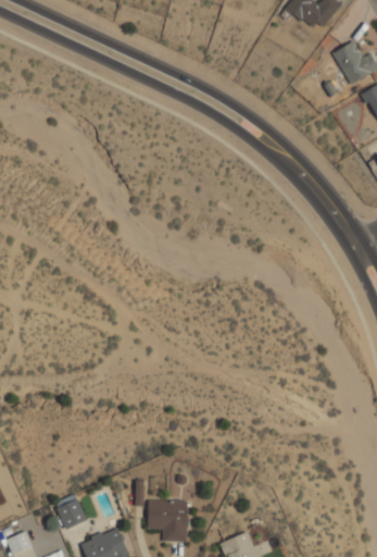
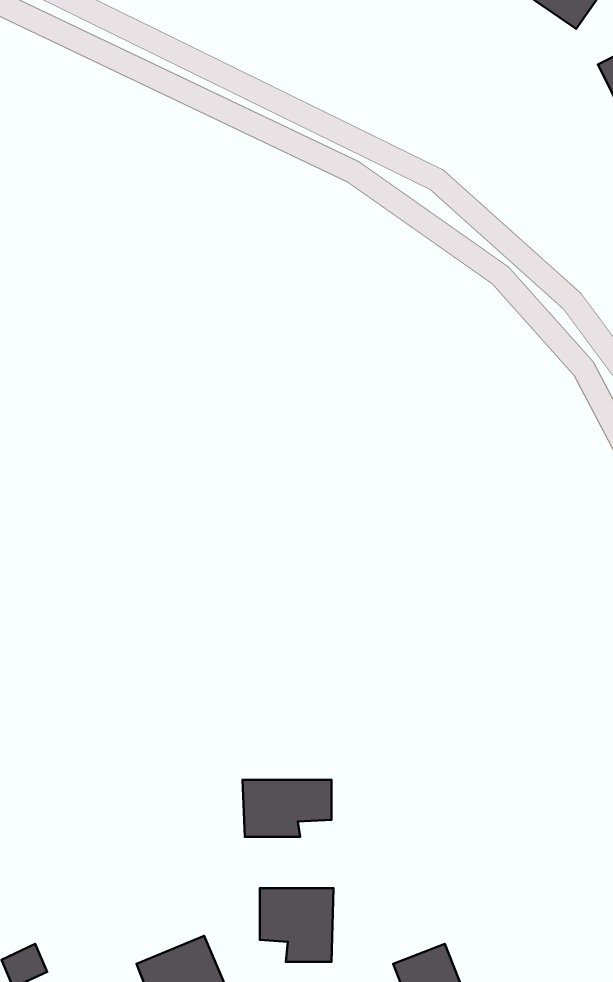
building: none -> [243,780,331,837]
building: [59,502,87,530] -> none

